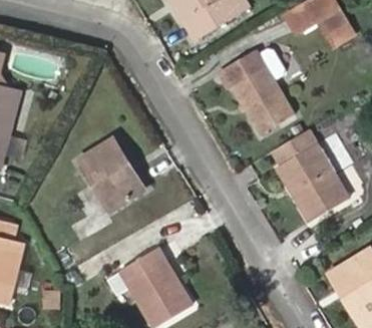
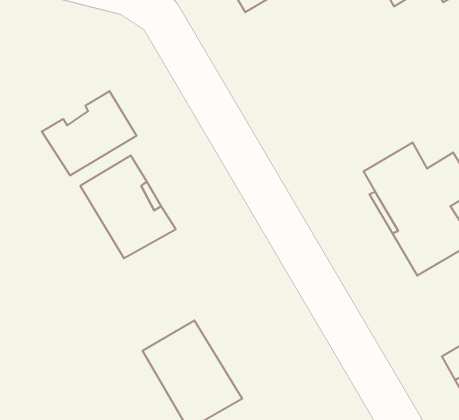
building: [225,53,294,136] -> none
building: none -> [42,91,136,176]

